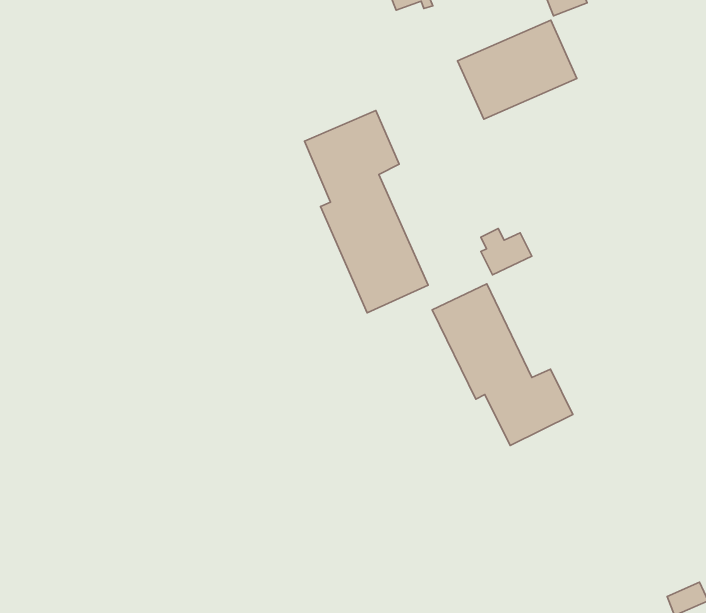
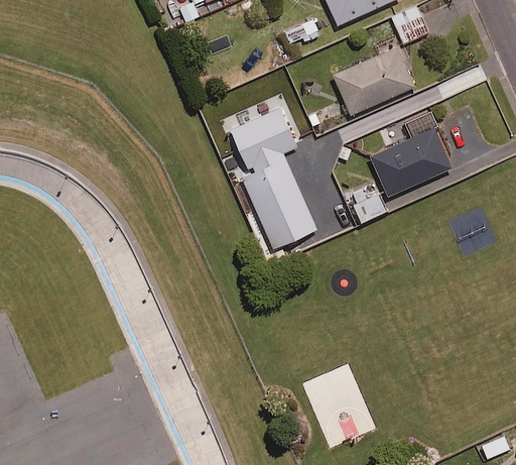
building: none -> [373,127,455,196]
building: [432,284,573,446] -> none

